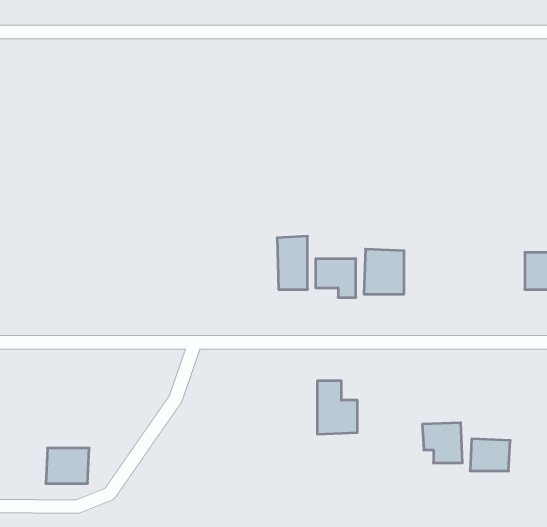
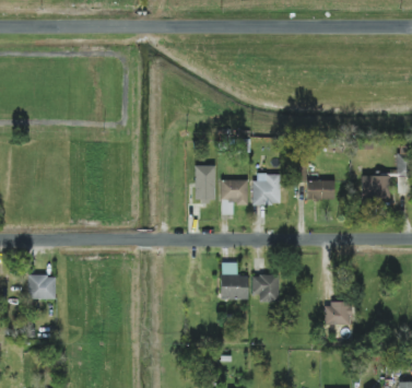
building: none -> [306,179,334,199]
building: [422,423,462,463] -> [251,273,279,301]
building: [46,448,89,483] -> [26,274,56,298]

